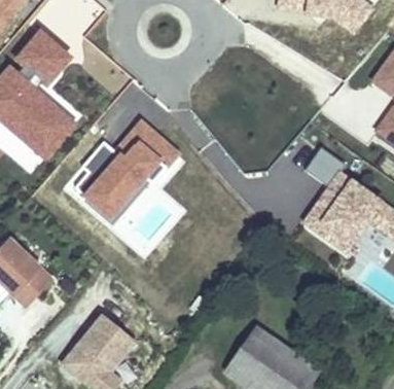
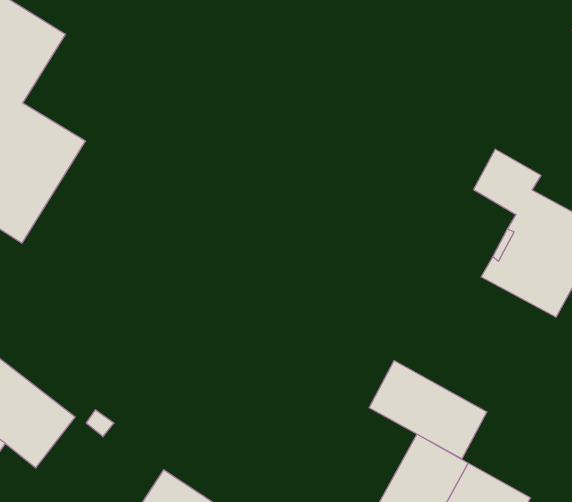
building: [69,115,179,221] -> none
building: none -> [369,361,487,459]

